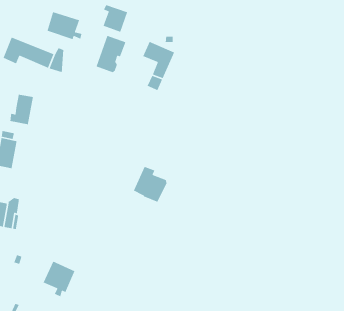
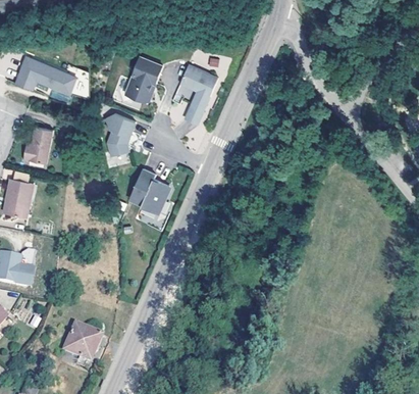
building: [103,4,128,33] -> none
building: [46,11,82,40] -> none
building: none -> [104,113,135,157]
building: [133,166,167,203] -> [128,169,169,213]

